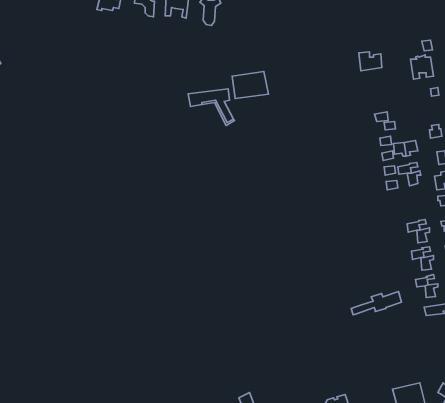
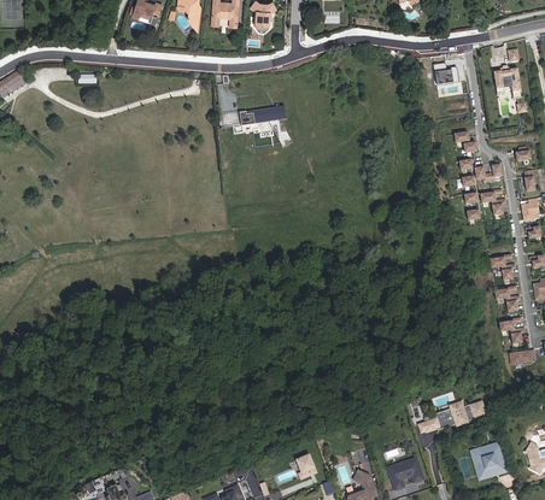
building: [232,72,268,99] -> none
building: [351,292,402,315] -> [430,402,488,429]

